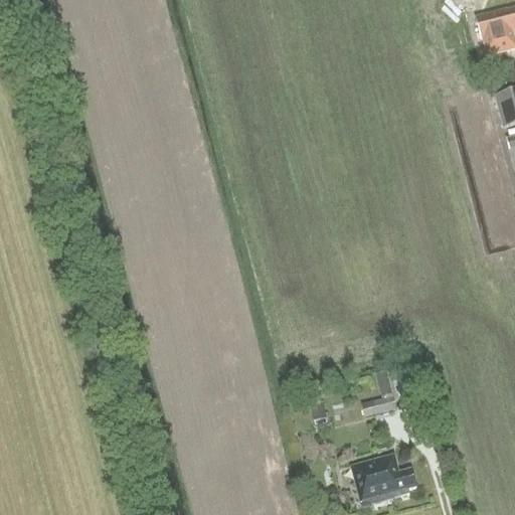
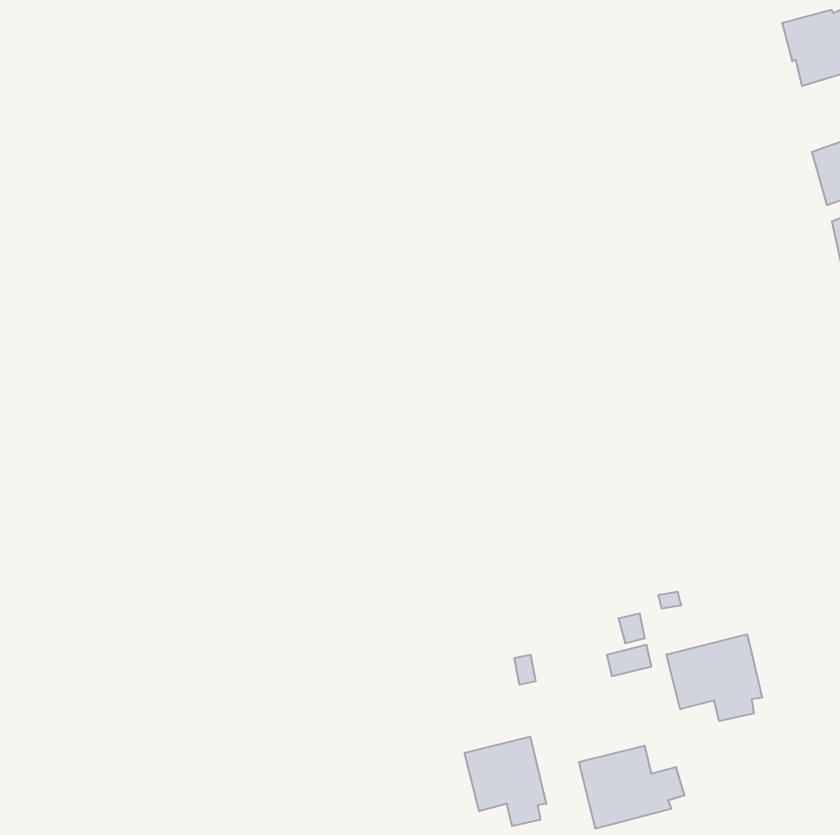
building: none -> [666,634,762,721]
building: none -> [465,737,546,826]

